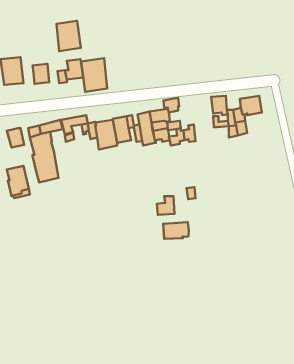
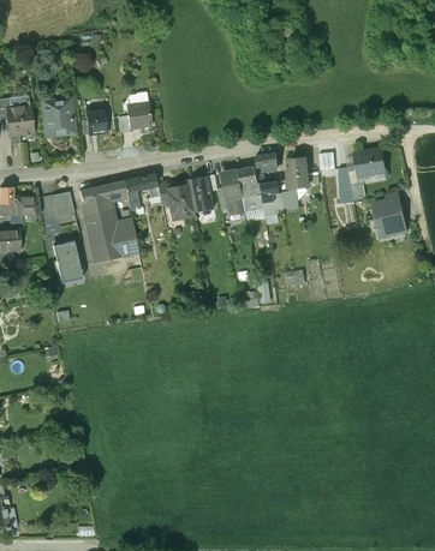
building: [57,21,81,51] -> none
building: [81,58,107,92] -> none
building: none -> [287,158,309,188]
building: none -> [375,200,404,236]
building: none -> [113,218,138,257]
building: [163,222,189,239] -> none

